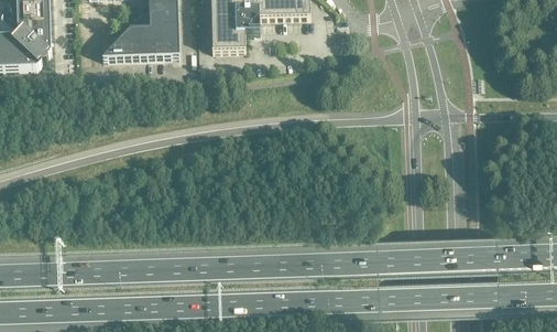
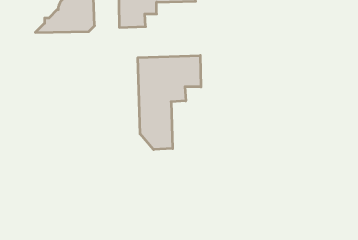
building: none -> [138,55,201,150]

